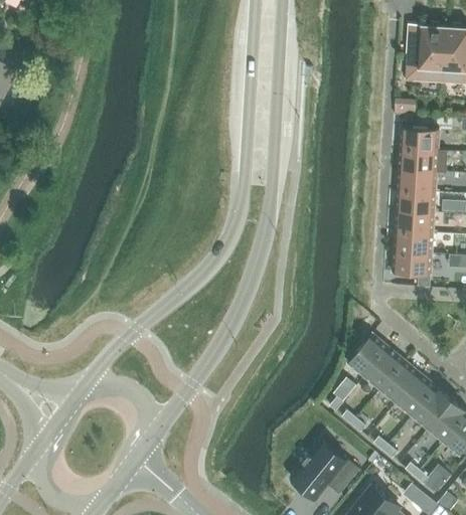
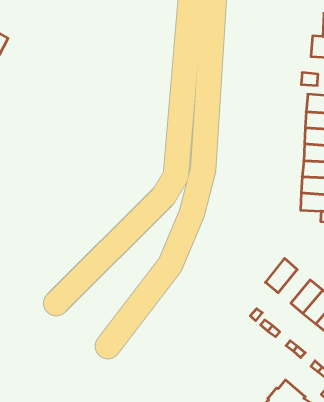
building: [363,347,404,389] -> none
building: [291,441,359,499] -> none

